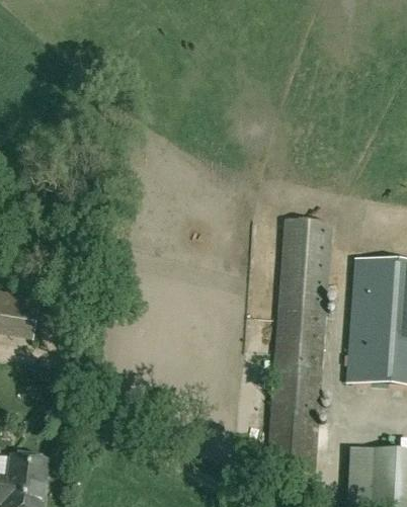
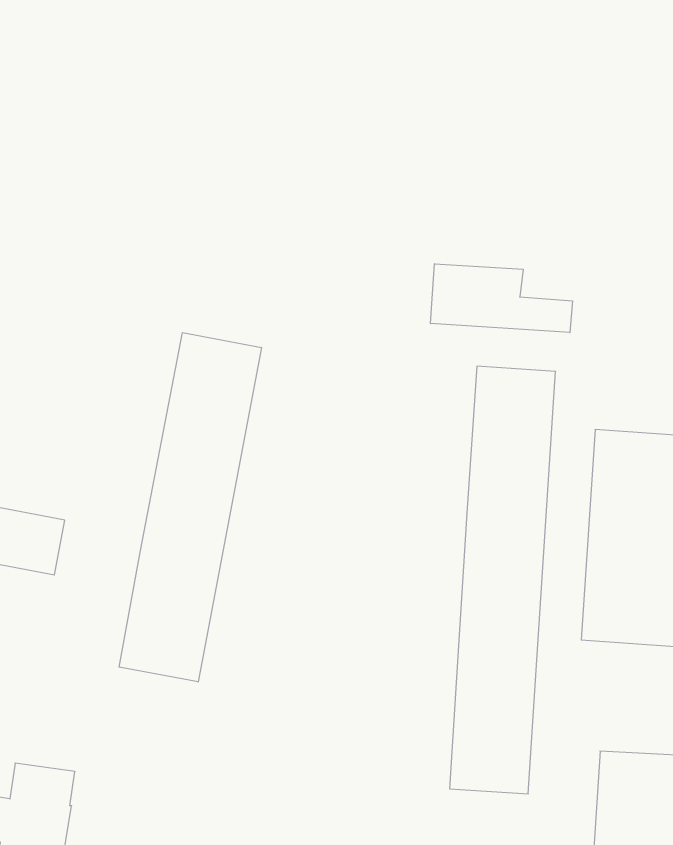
building: none -> [431,264,572,333]
building: none -> [119,333,261,682]

